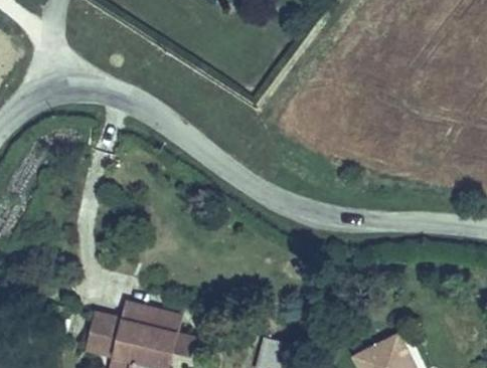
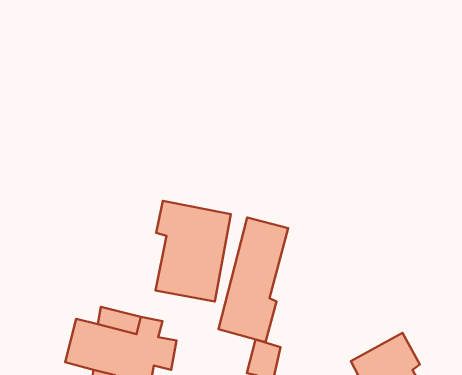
building: none -> [156,201,231,301]
building: none -> [218,218,288,342]

